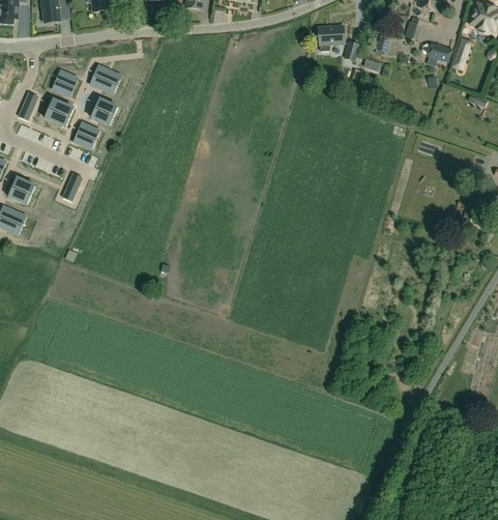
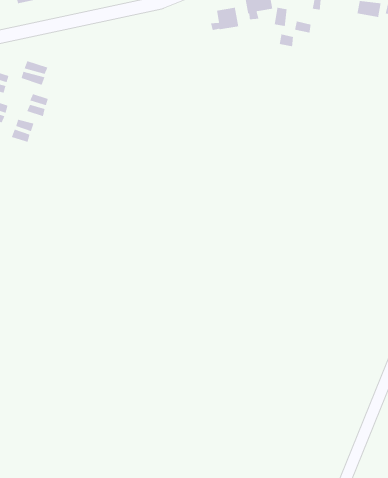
building: none -> [210,7,239,31]

